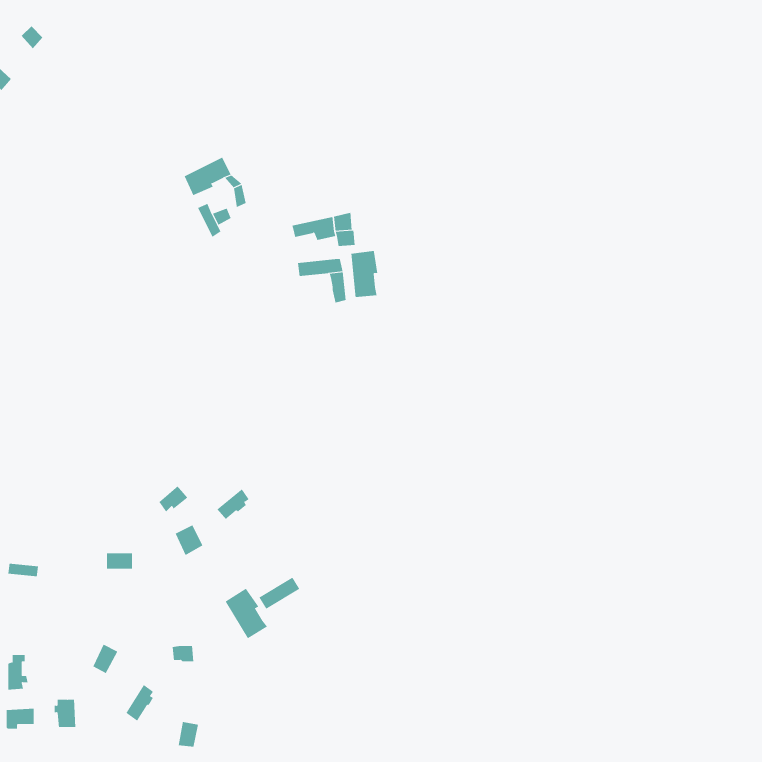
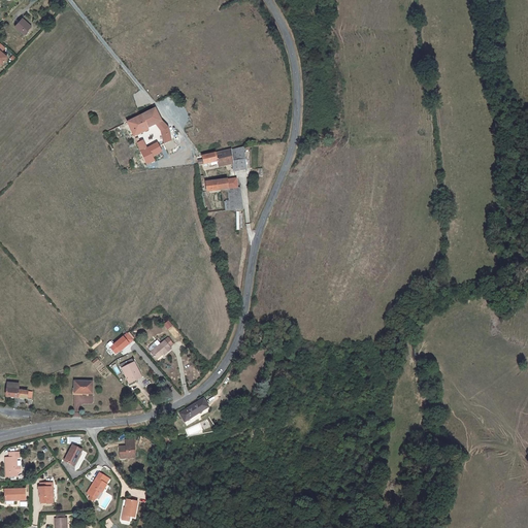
building: [351,250,378,298] -> none
building: [225,588,268,639] -> none

